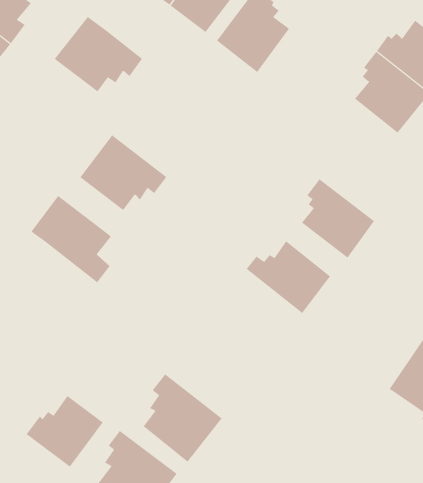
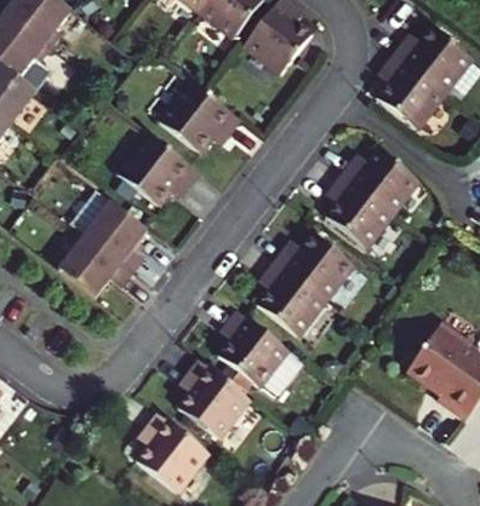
building: [54,16,143,92] -> [156,80,240,151]
building: none -> [341,148,418,214]
building: none -> [56,234,132,295]
building: none -> [255,259,325,338]
building: none -> [215,309,302,391]
building: [26,395,103,468] -> none

